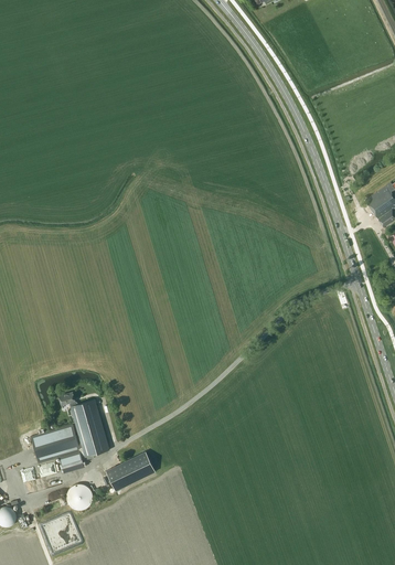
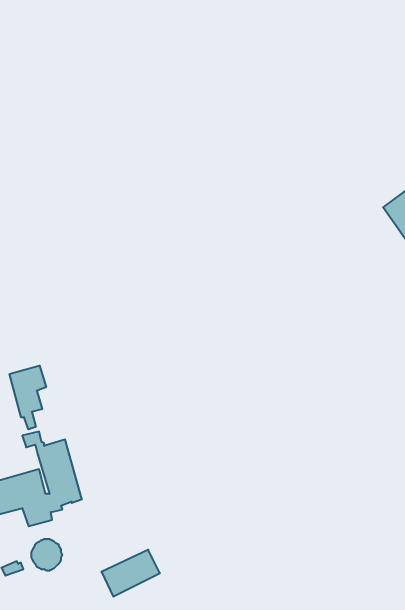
building: none -> [10,366,46,429]
building: [106,451,156,491] -> [101,550,160,597]

